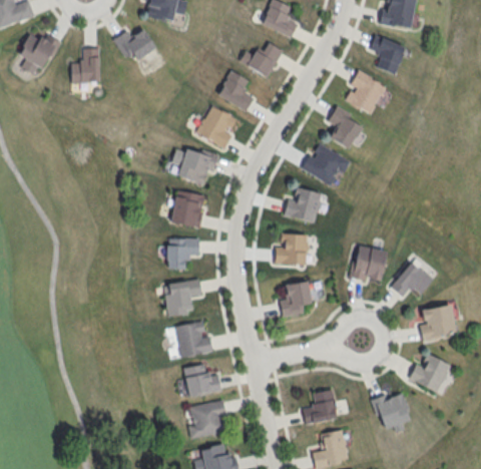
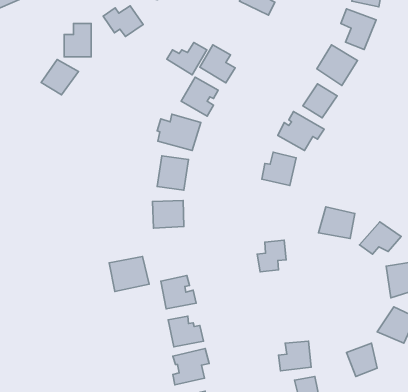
building: [19,30,59,68] -> [41,59,78,95]
building: [239,42,283,77] -> [167,42,207,75]
building: [275,233,308,265] -> none
building: [163,279,206,317] -> [109,256,149,292]

